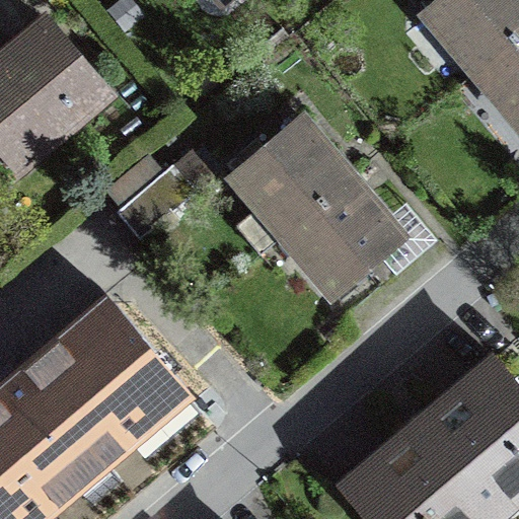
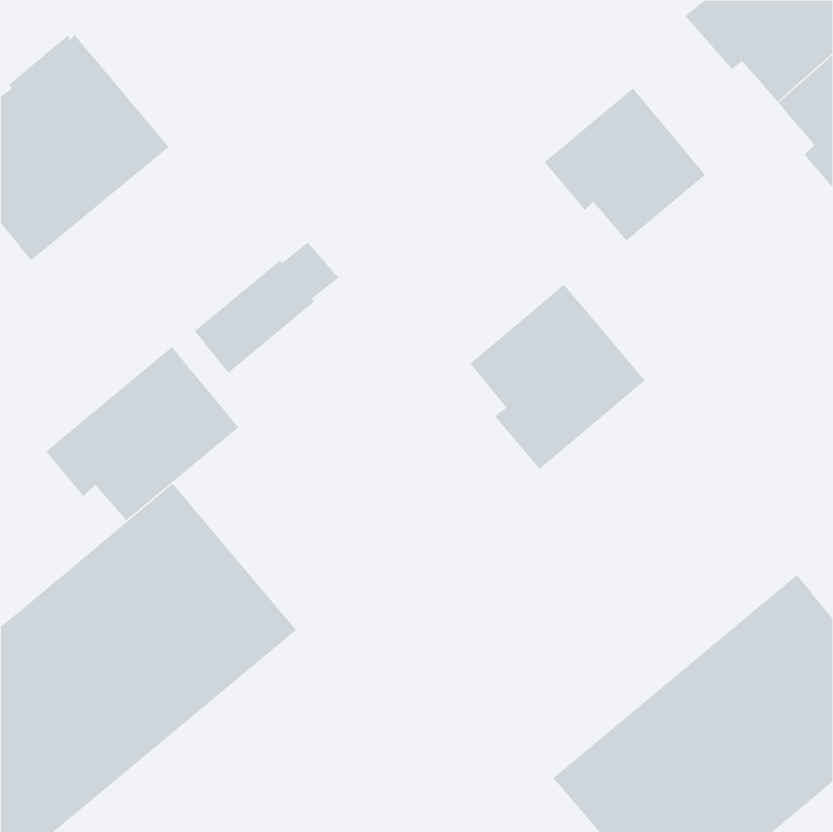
building: none -> [544,88,706,241]
building: [234,118,351,253] -> none
building: none -> [45,346,239,521]

